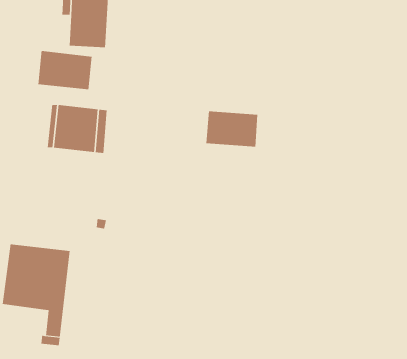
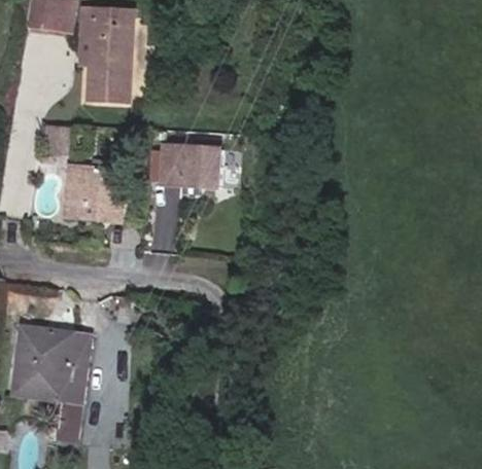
building: [38,50,92,90] -> none
building: [206,111,258,147] -> [162,146,221,187]

